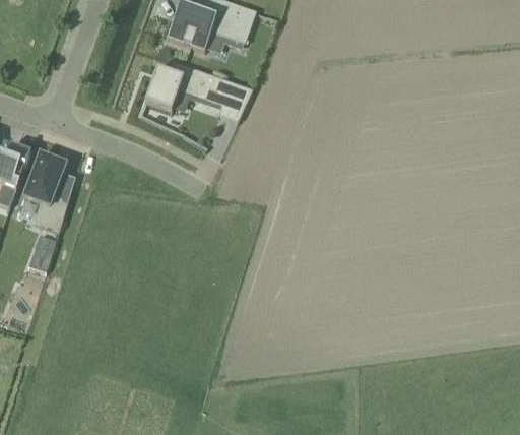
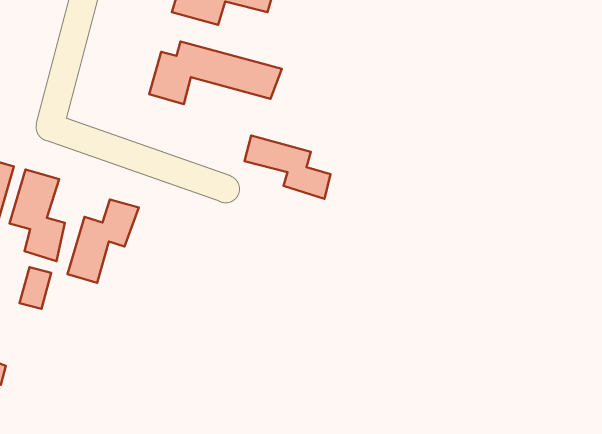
building: none -> [244,136,331,199]
building: none -> [68,200,139,283]

